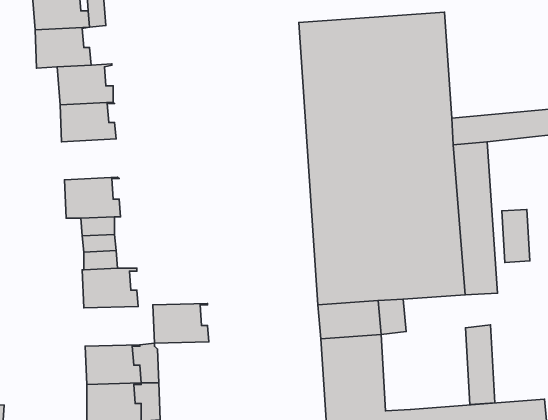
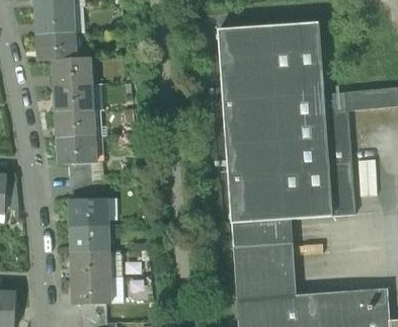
building: none -> [55,109,93,138]
building: [153,304,209,343] -> [70,225,108,252]
building: [465,325,495,404] -> [274,242,295,297]

